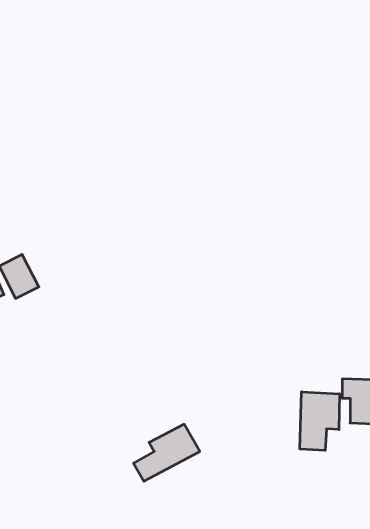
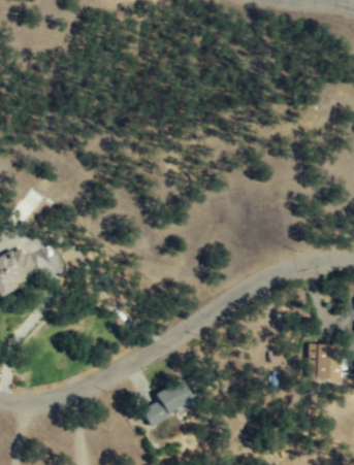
building: [300,392,339,450] -> none

